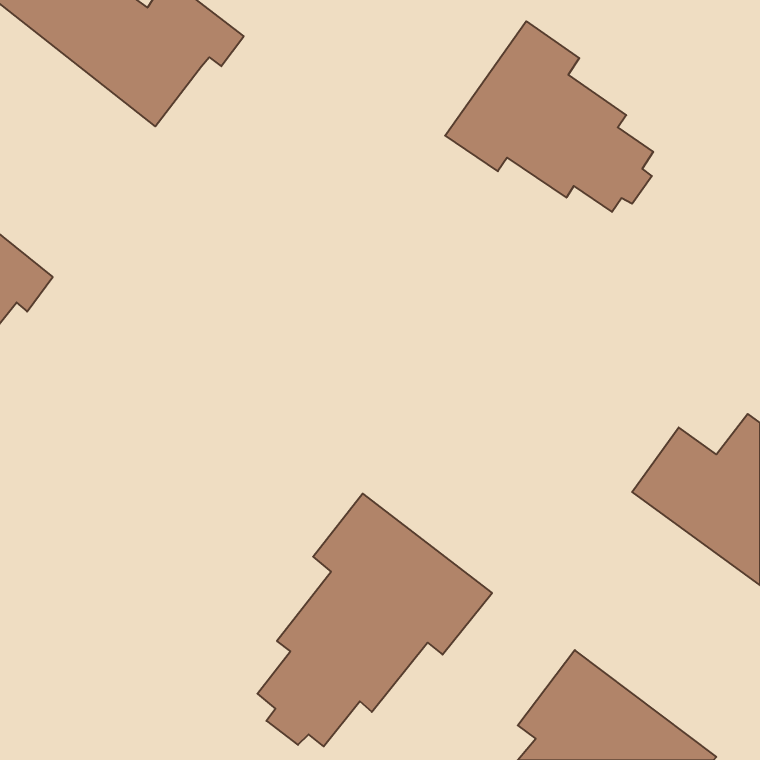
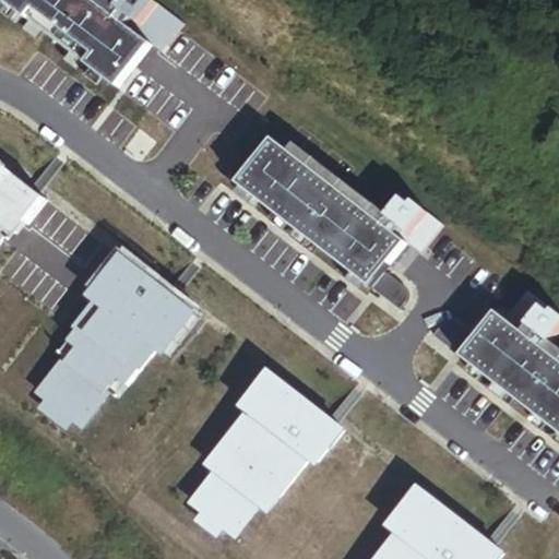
building: [445,21,653,212] -> none
building: none -> [231,139,442,286]
building: none -> [35,261,187,427]

